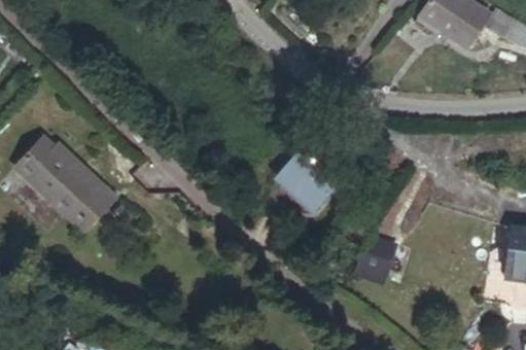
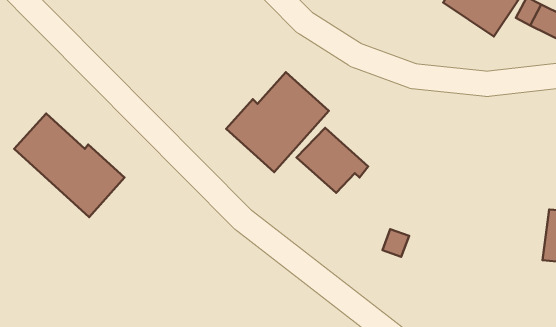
building: none -> [226,72,329,172]

